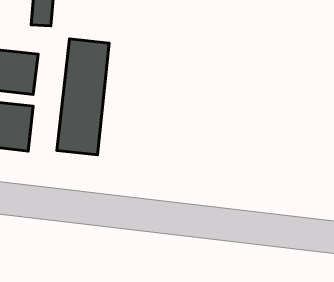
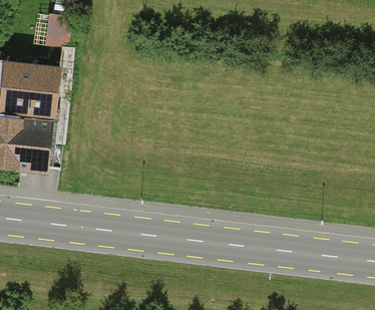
building: [57,39,109,155] -> none

